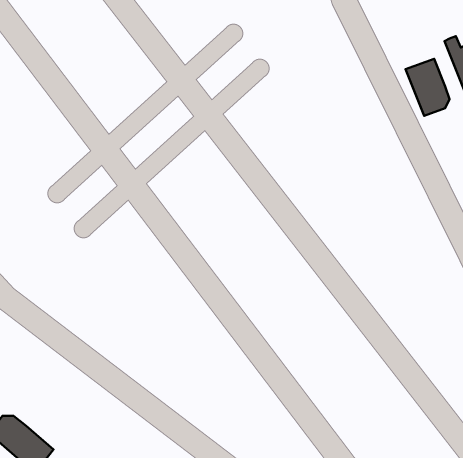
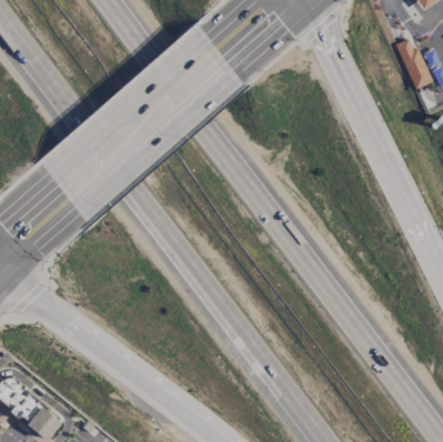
building: [406,59,450,116] -> none

